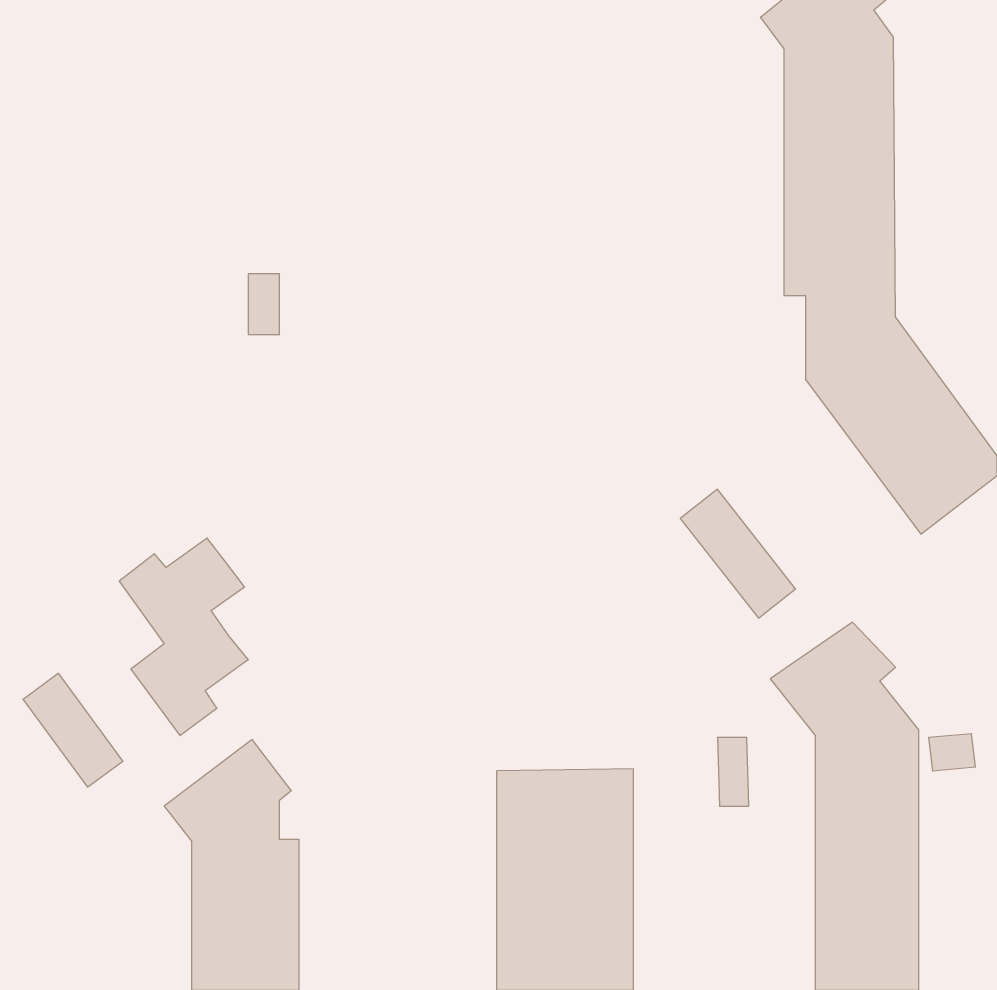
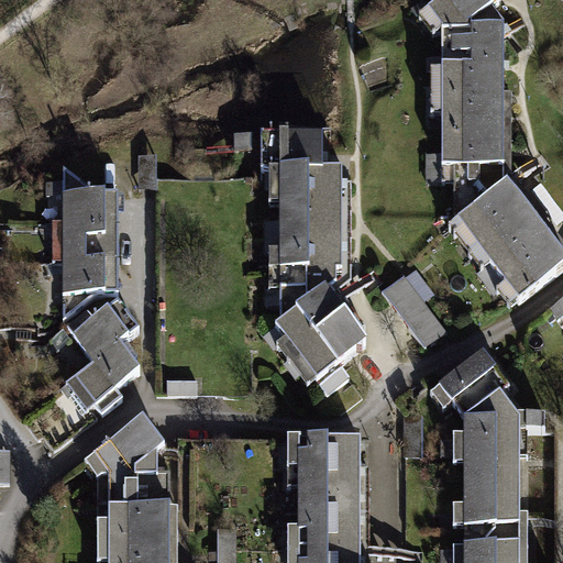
building: none -> [261,134,366,393]
building: none -> [63,168,118,319]
building: [23,673,123,787] -> none

